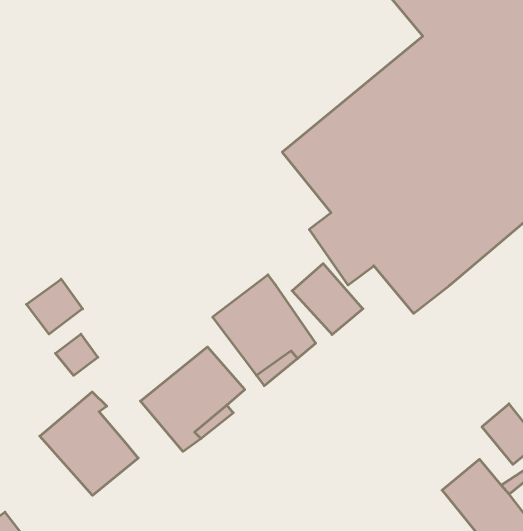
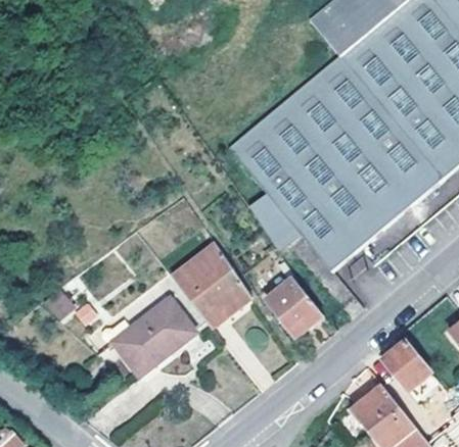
building: [292,264,363,335] -> [267,281,323,337]
building: [26,279,83,334] -> none
building: [40,392,138,495] -> none

